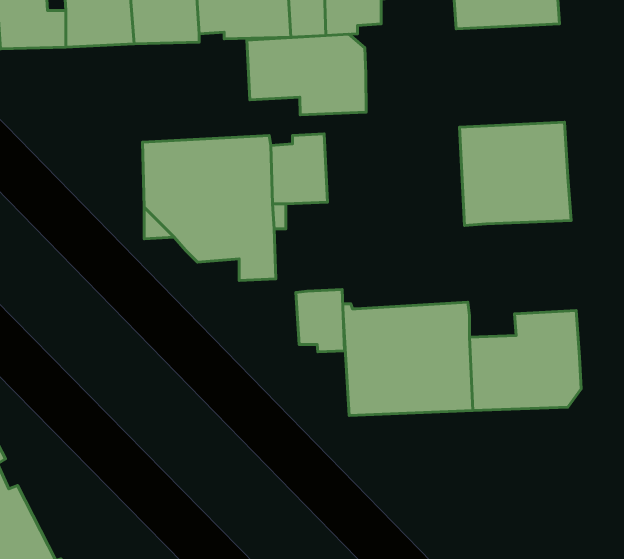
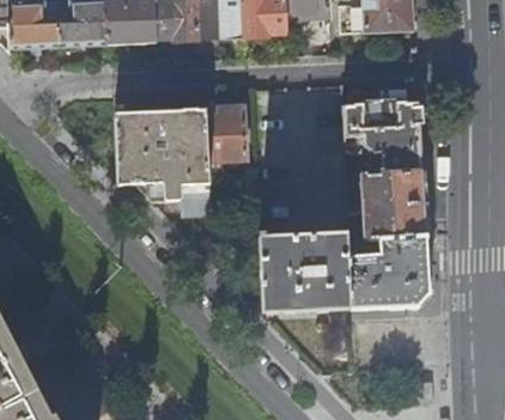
building: [247,34,366,115] -> none
building: none -> [347,171,426,239]
building: [296,290,345,352] -> none

